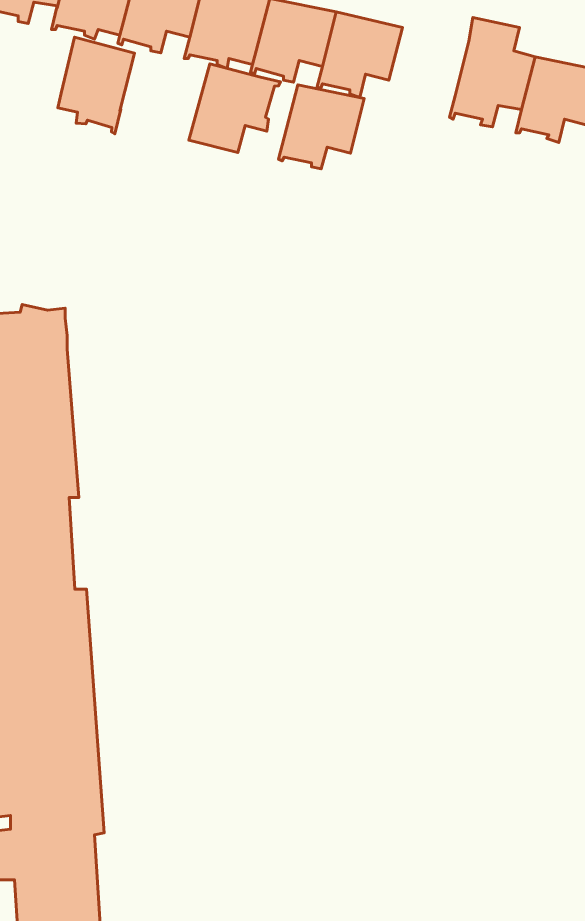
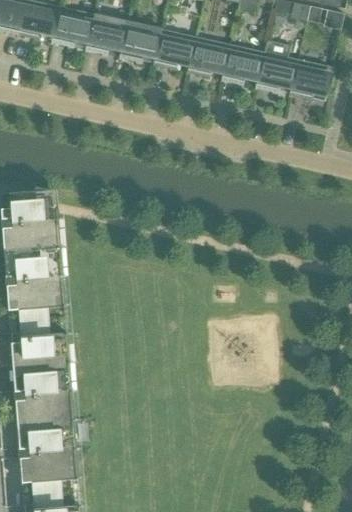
building: [58,37,134,134] -> none
building: [189,64,281,152] -> none
building: [278,85,364,169] -> [219,44,263,87]

